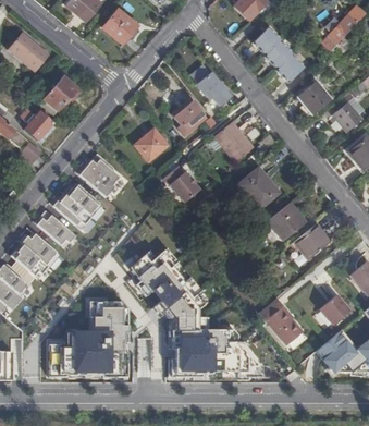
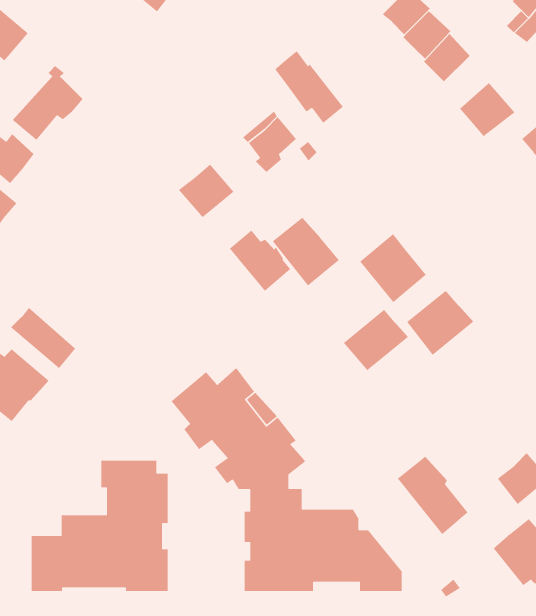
building: [214,121,254,161] -> [272,217,340,287]
building: [81,153,121,197] -> none
building: [58,184,102,229] -> none
building: [292,221,330,257] -> [343,309,409,371]

